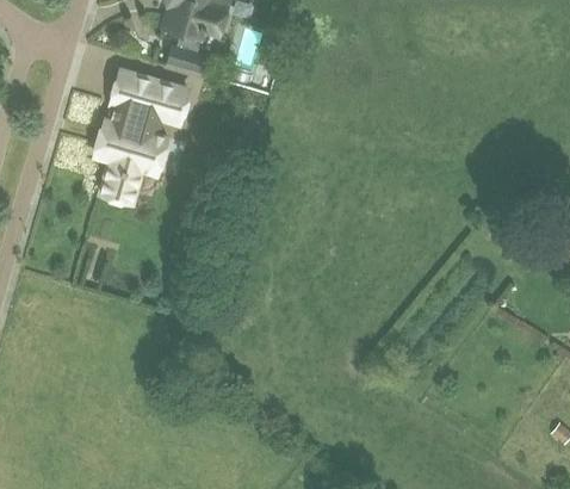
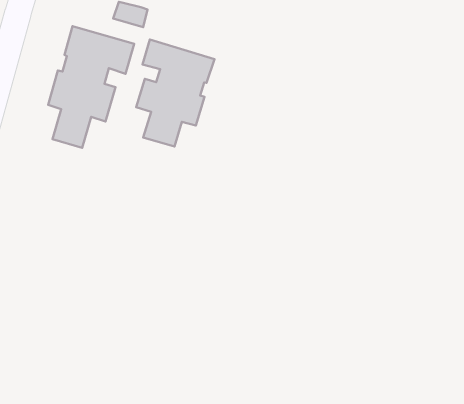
building: none -> [136,40,214,147]

